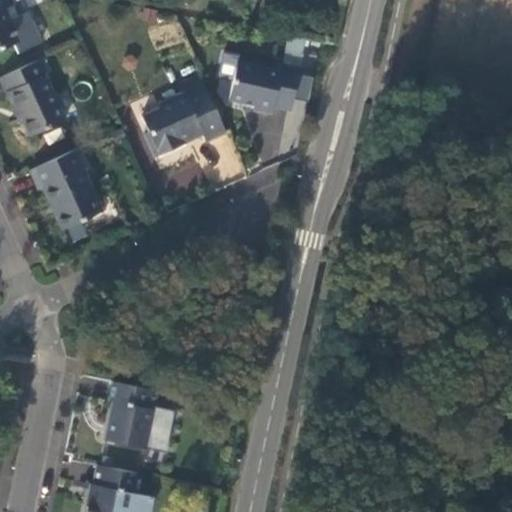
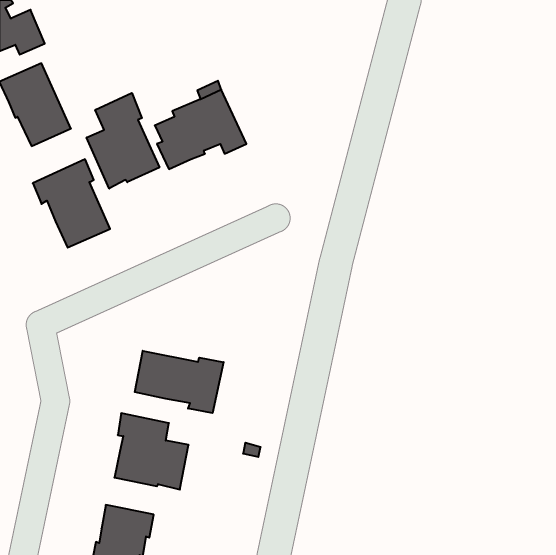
building: [218,51,298,112] -> none
building: none -> [87,93,159,189]
building: none -> [135,351,224,413]

